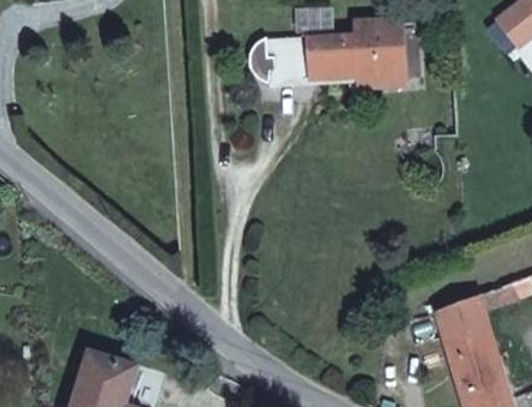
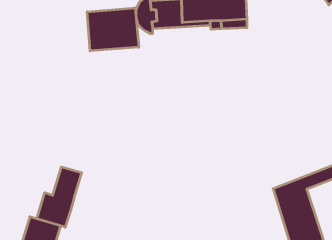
building: none -> [87,8,139,51]
building: none -> [37,167,82,227]

